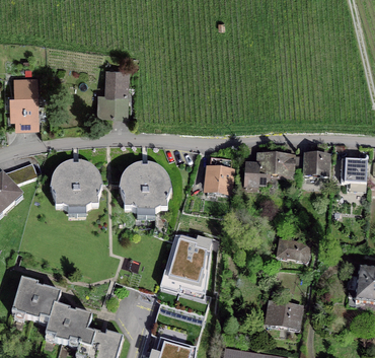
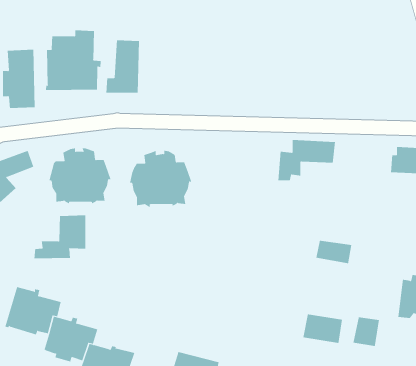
building: none -> [46,30,101,91]
building: [298,153,328,175] -> none
building: [207,157,232,192] -> none
building: none -> [34,214,86,259]
building: [160,232,210,297] -> none
building: none -> [353,316,380,347]

